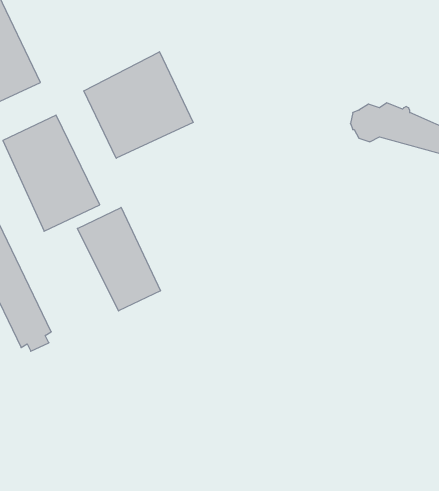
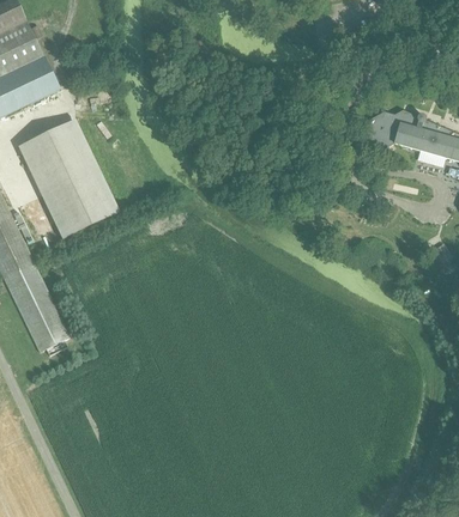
building: [84,52,193,158] -> none
building: [77,207,160,311] -> none

